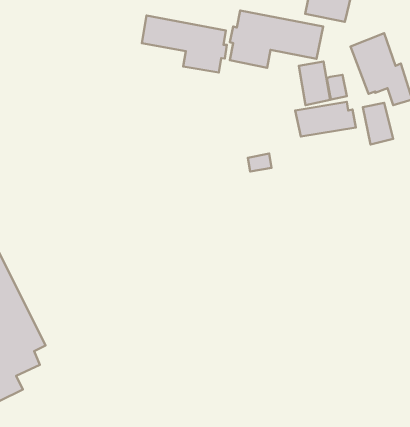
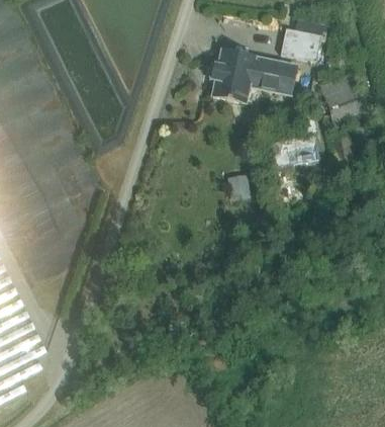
building: [142,16,227,72] -> none
building: [299,62,330,105] -> none

